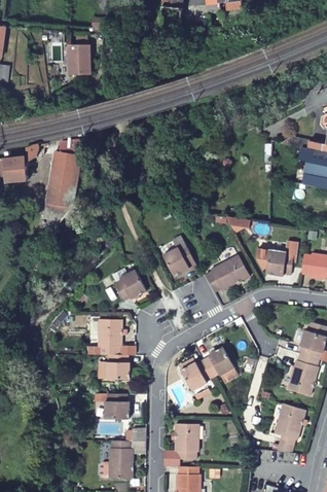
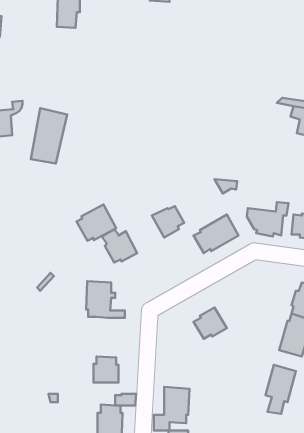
building: none -> [76,204,116,241]
building: [103,356,128,382] -> none
building: [181,361,213,391] -> none

